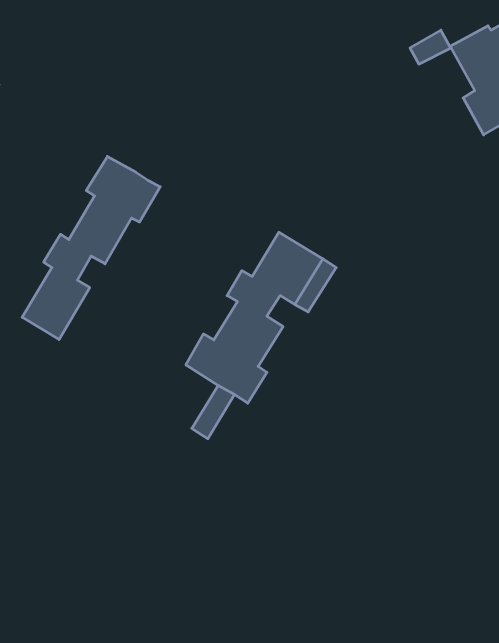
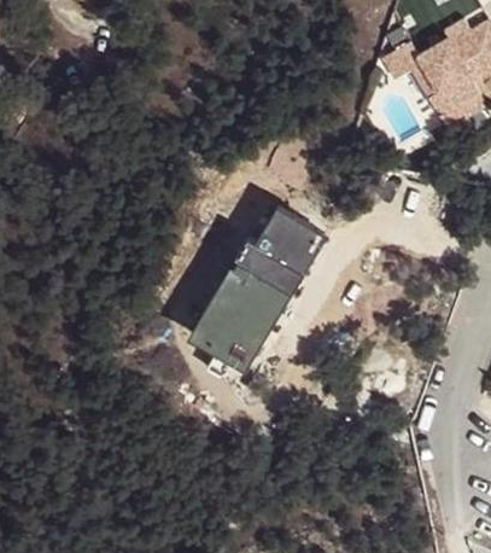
building: [22,156,160,340] -> none

